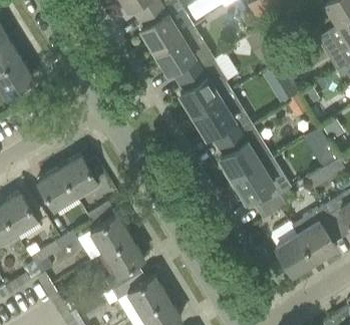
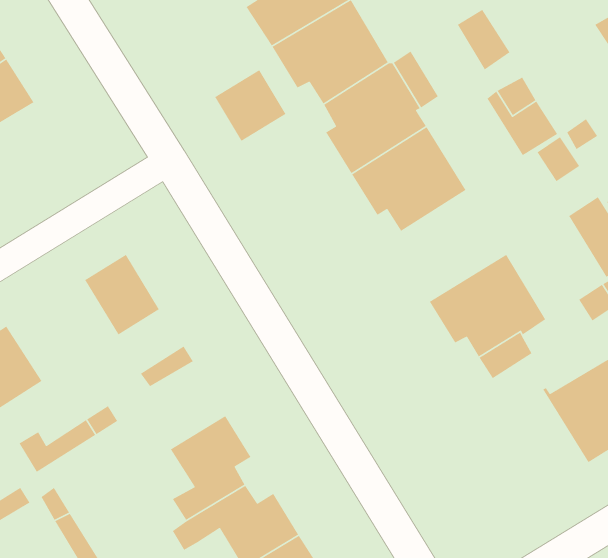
building: none -> [214,69,287,142]
building: [218,123,271,180] -> none
building: [37,169,75,210] -> none
building: [88,216,129,254] -> none
building: [271,224,312,274] -> none

